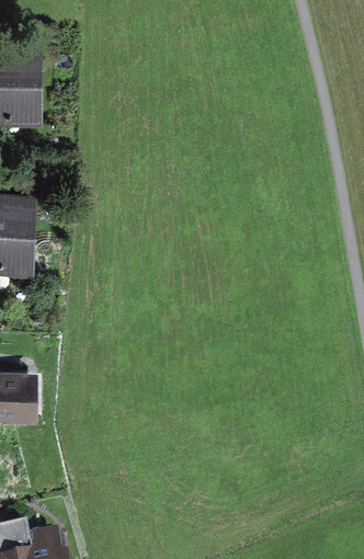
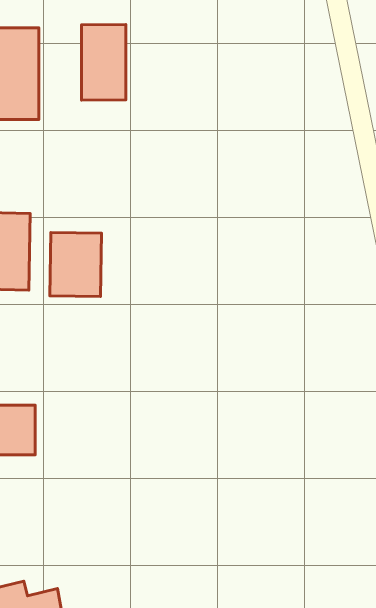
building: none -> [81,24,126,100]
building: none -> [50,232,101,297]

